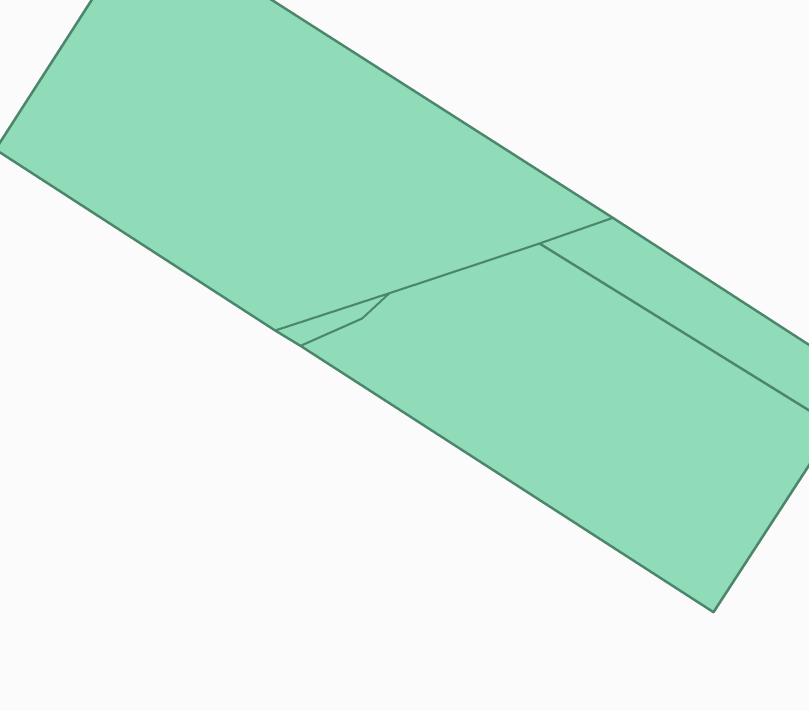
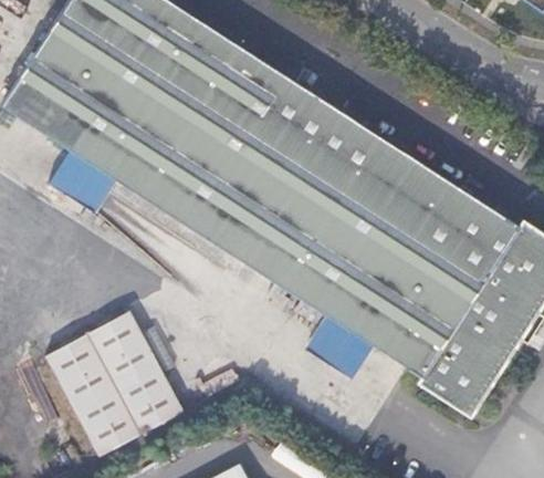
building: none -> [86,308,179,426]
building: none -> [44,333,133,451]

